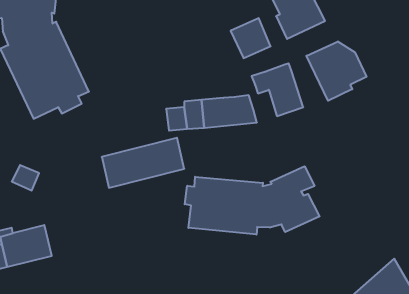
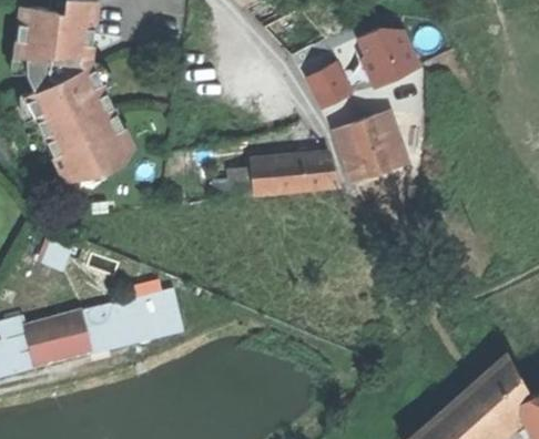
building: [306,41,366,101] -> none
building: [102,138,184,188] -> [79,289,180,350]
building: [185,166,320,235] -> none

